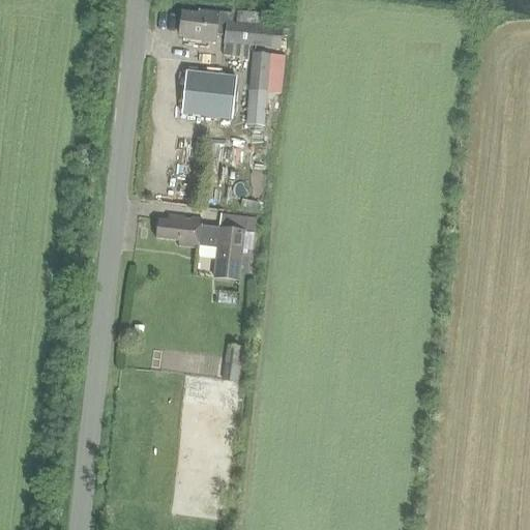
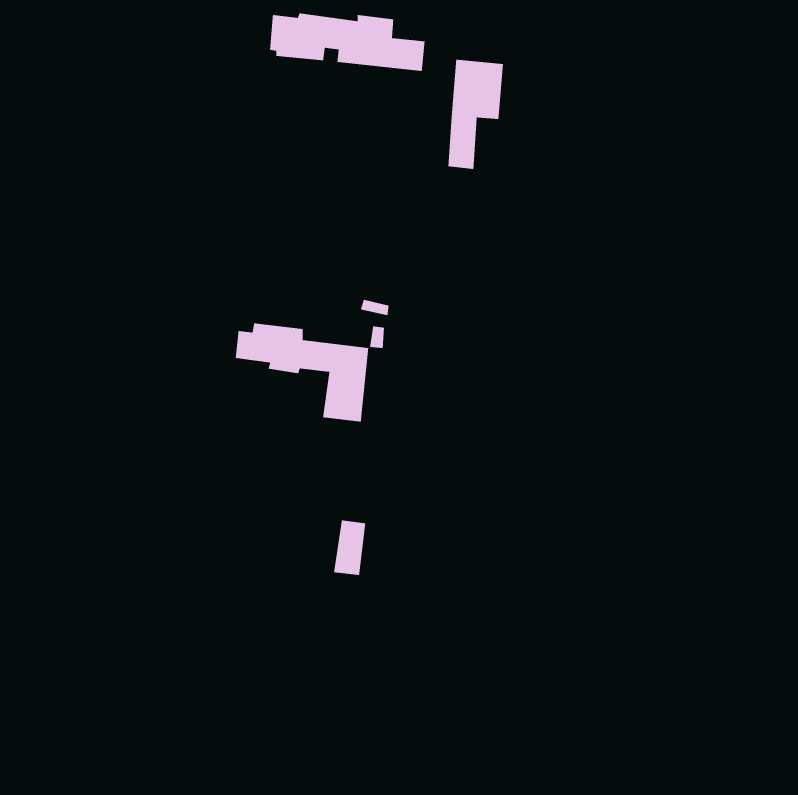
building: [246,52,284,125] -> [448,59,504,170]
building: [180,69,236,119] -> none

